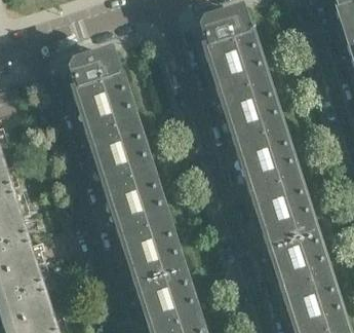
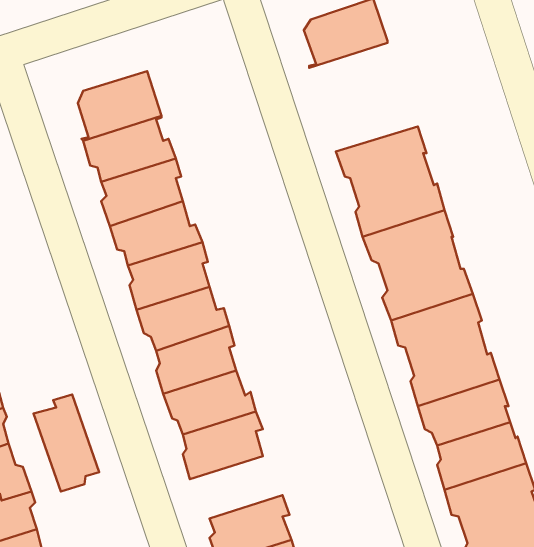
building: [205,32,268,96] -> none
building: none -> [34,395,99,491]
building: [136,271,190,307] -> none

